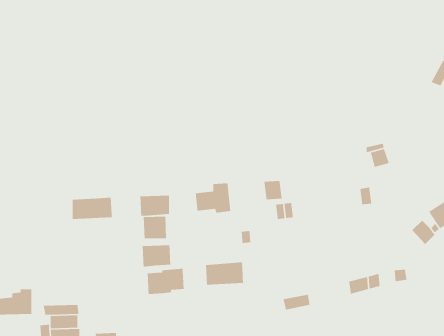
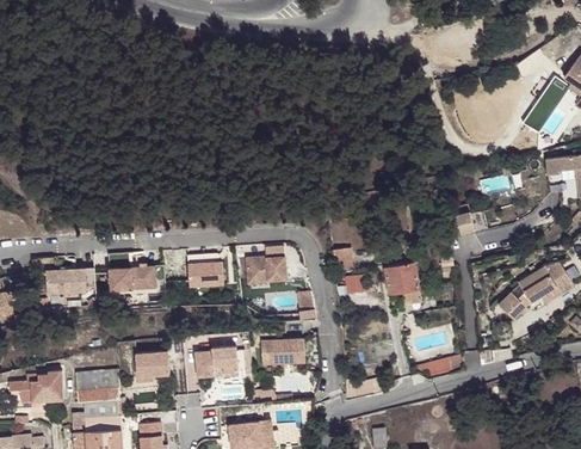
building: none -> [383,259,418,291]
building: none -> [45,267,94,296]
building: [143,216,167,239] -> none
building: [142,244,171,267] -> [136,350,169,376]
building: none -> [74,370,117,389]

